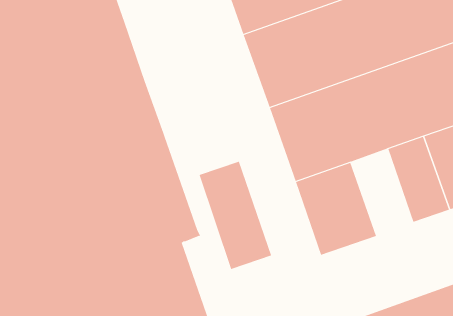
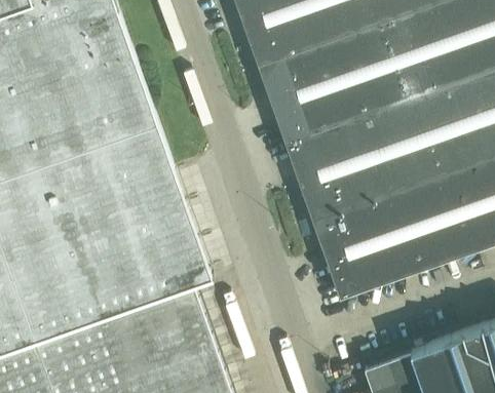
building: none -> [371,186,436,278]
building: [199,161,272,270] -> none

